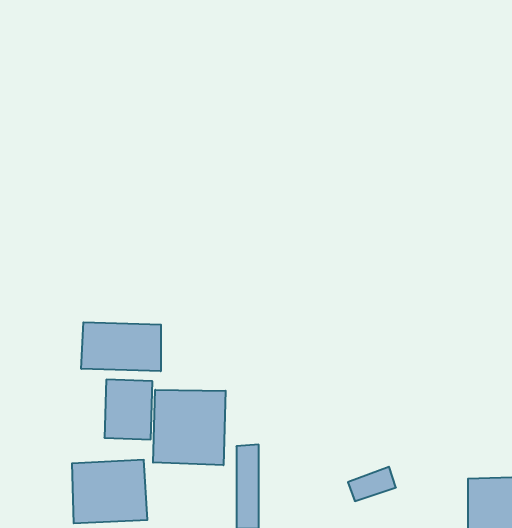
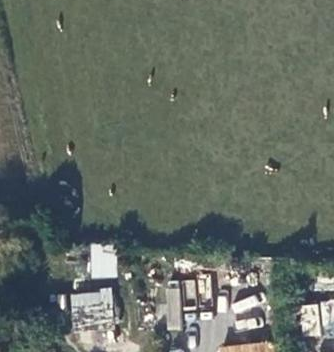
building: [81,322,161,371] -> none
building: [153,390,226,465] -> none

